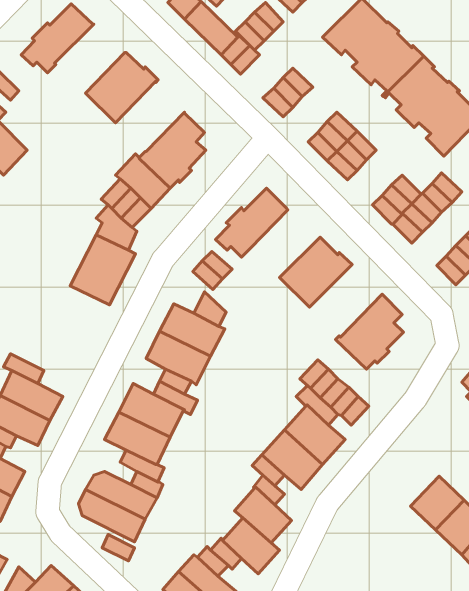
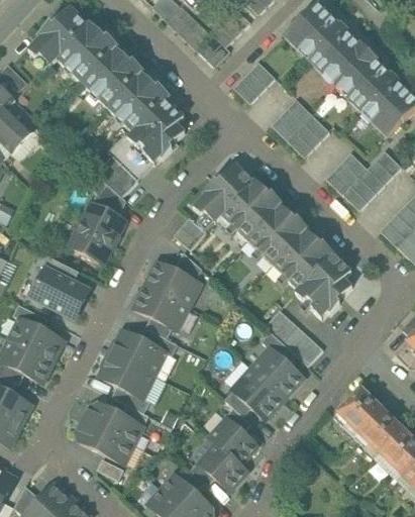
building: none -> [57,22,119,83]
building: none -> [108,73,170,132]
building: none -> [222,180,284,239]
building: none -> [273,230,334,290]
building: none -> [32,270,88,318]
building: none -> [336,387,383,433]

